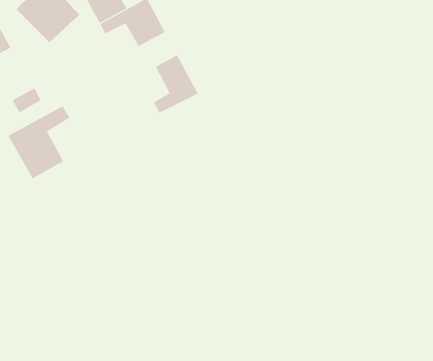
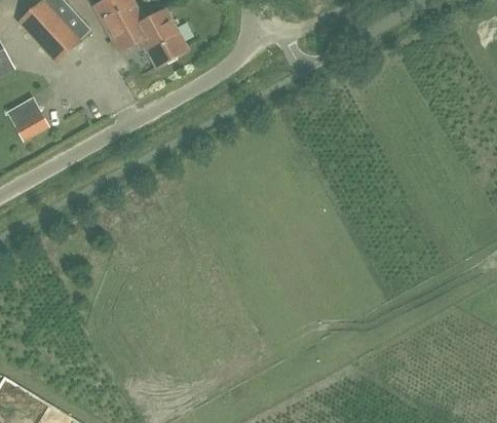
building: [153,55,198,114] -> none
building: [7,105,70,179] -> none

